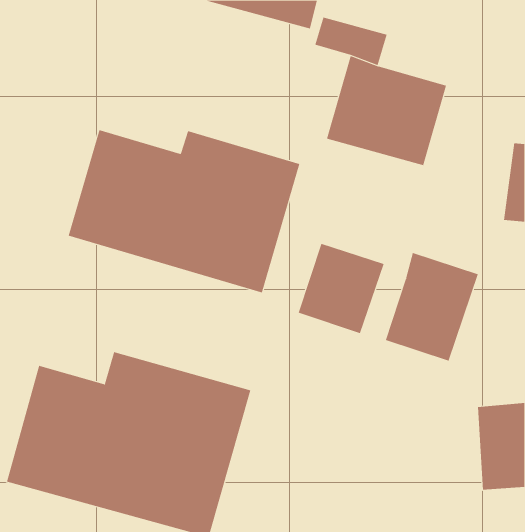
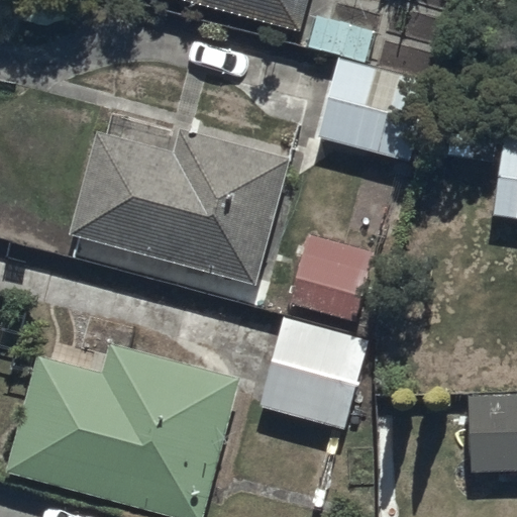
building: [385,252,478,361] -> none
building: none -> [258,314,374,433]

